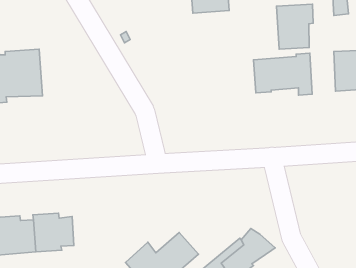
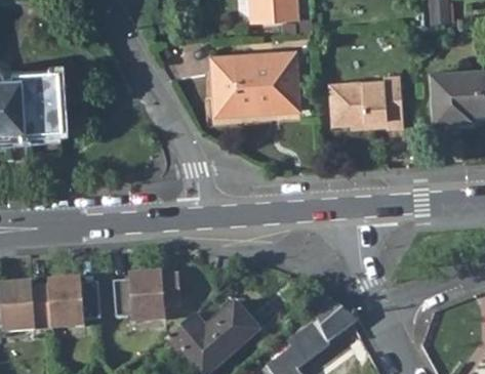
building: [277,4,313,49] -> none
building: none -> [214,52,299,116]
building: none -> [113,273,180,322]

